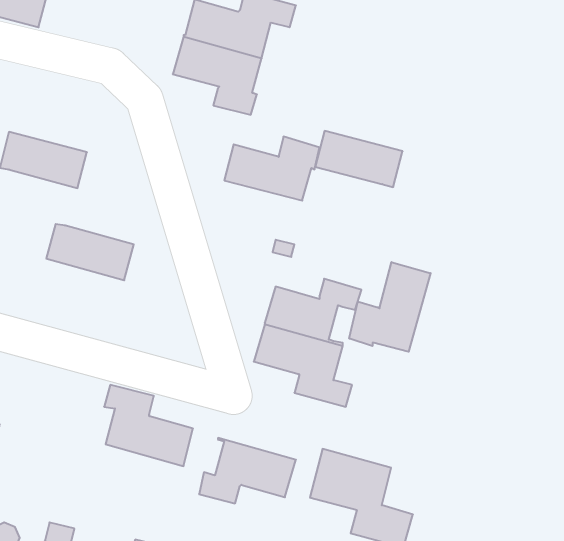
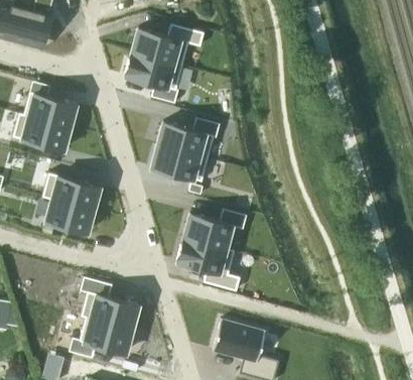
building: none -> [19,92,76,127]
building: [315,131,403,187] -> [152,145,209,181]
building: none -> [42,196,94,233]
building: [349,262,431,352] -> none
building: [199,438,296,503] -> [70,315,132,358]

